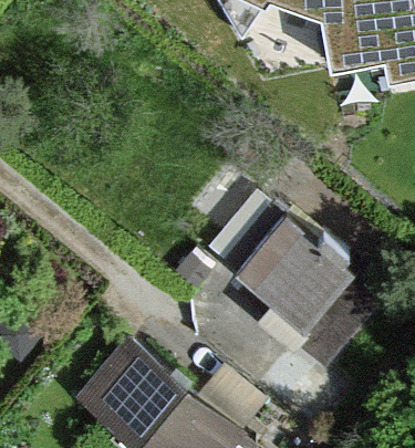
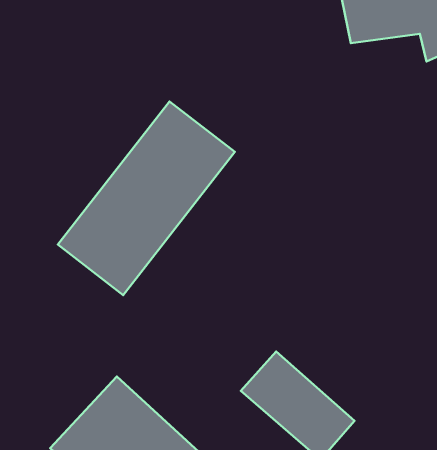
building: none -> [58,102,235,295]
building: [230,212,347,330] -> none

